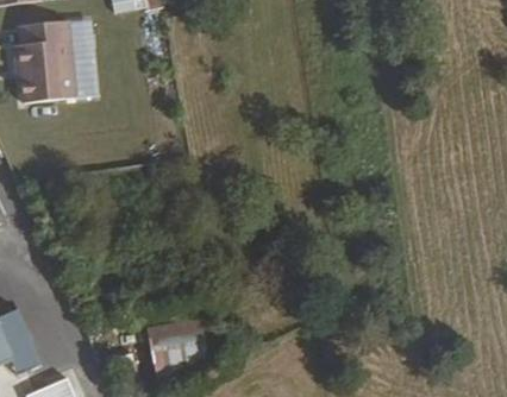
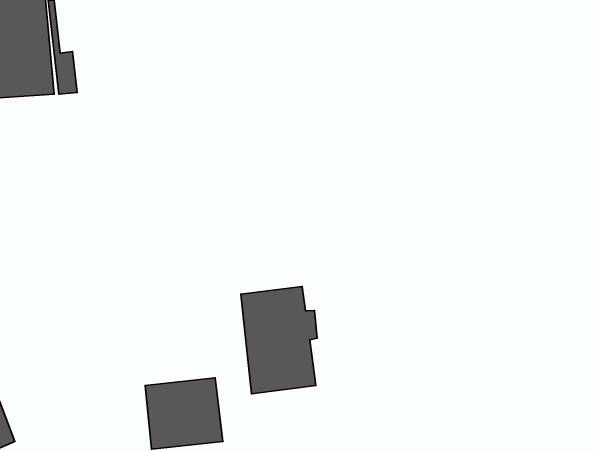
building: none -> [241,286,317,394]

